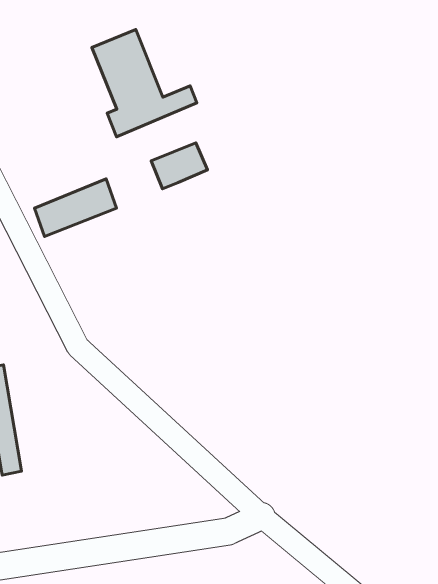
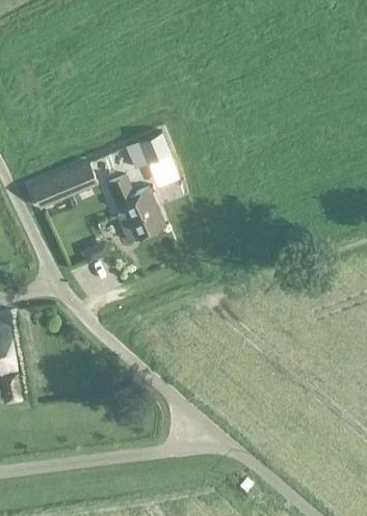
building: [92,30,197,137] -> none
building: none -> [106,173,162,241]

